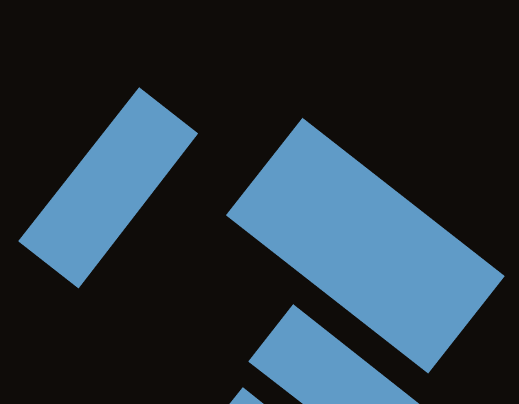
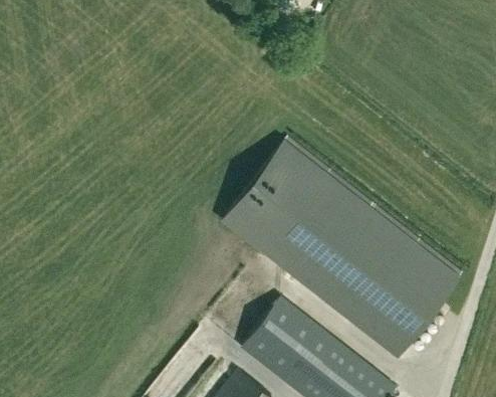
building: [17,86,199,289] -> none

